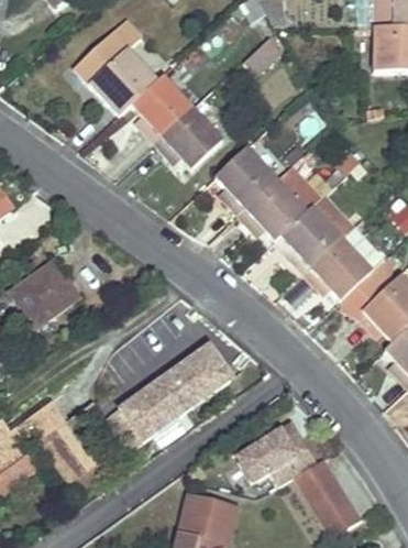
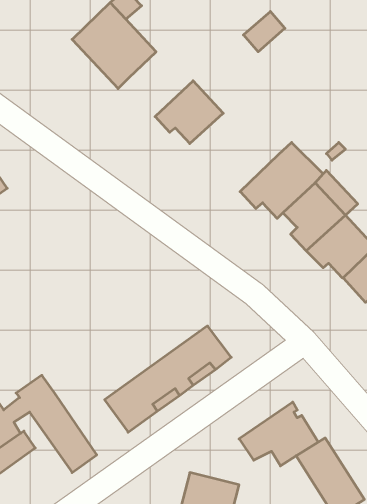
building: [131,72,194,140] -> none
building: [214,144,277,213] -> none
building: [9,257,80,327] -> none

